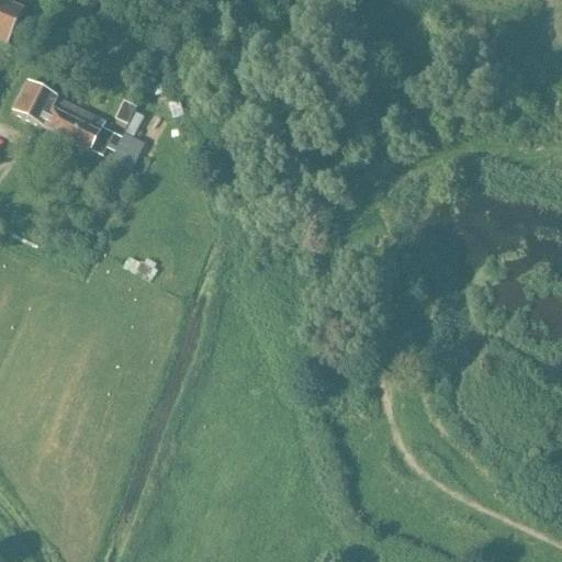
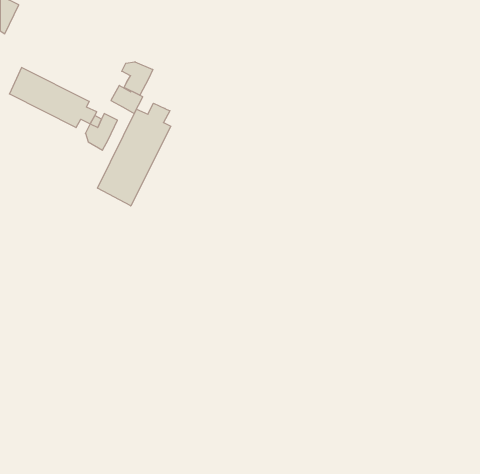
building: none -> [122,62,153,95]
building: none -> [98,103,171,206]

